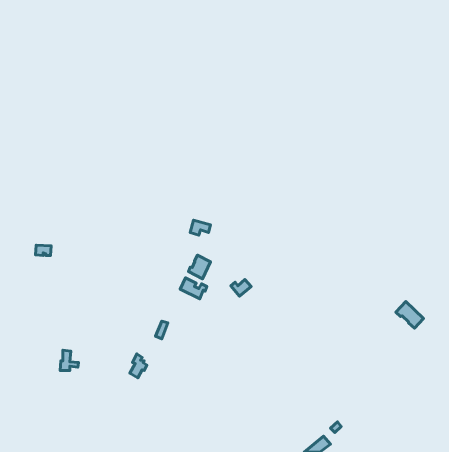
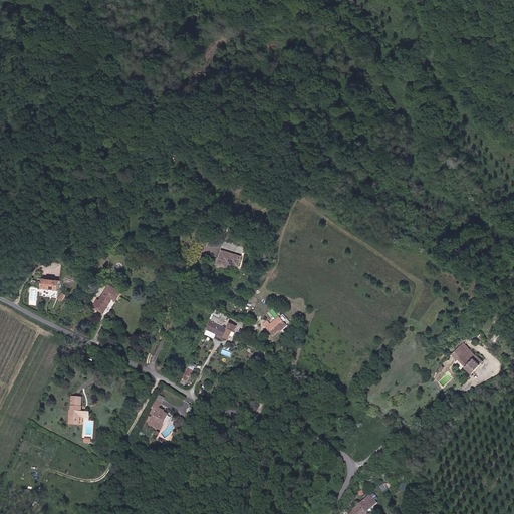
building: none -> [91,284,120,313]
building: [188,255,211,279] -> none

